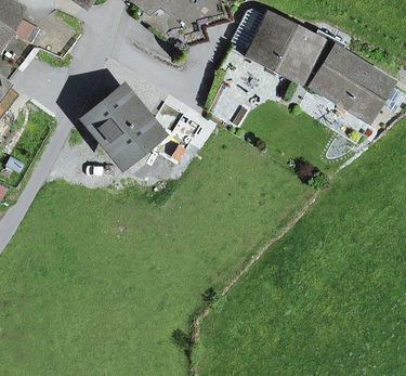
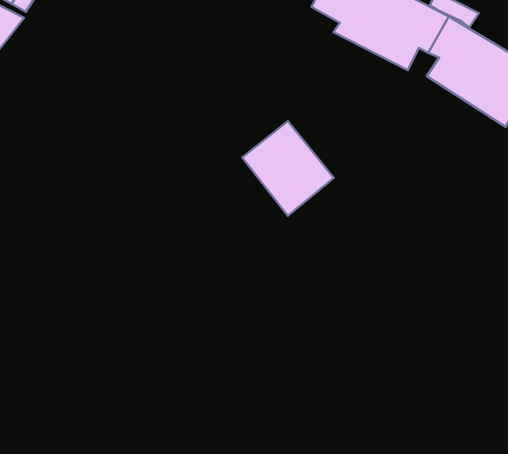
building: [90,93,153,158] -> [242,121,334,216]

